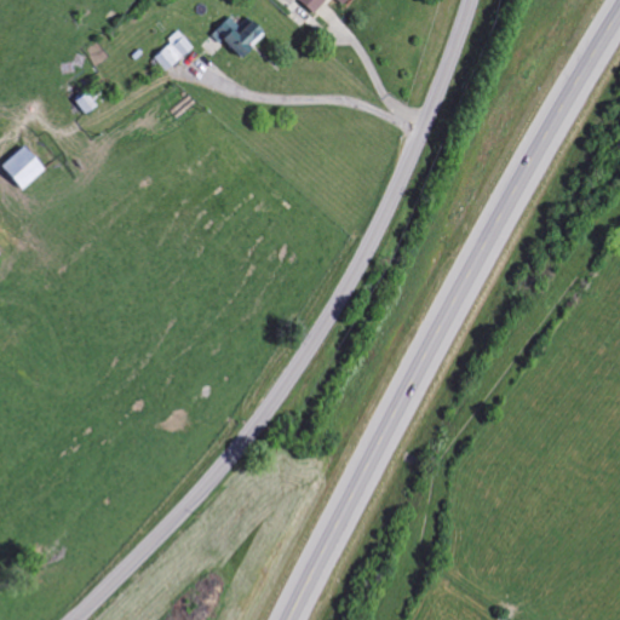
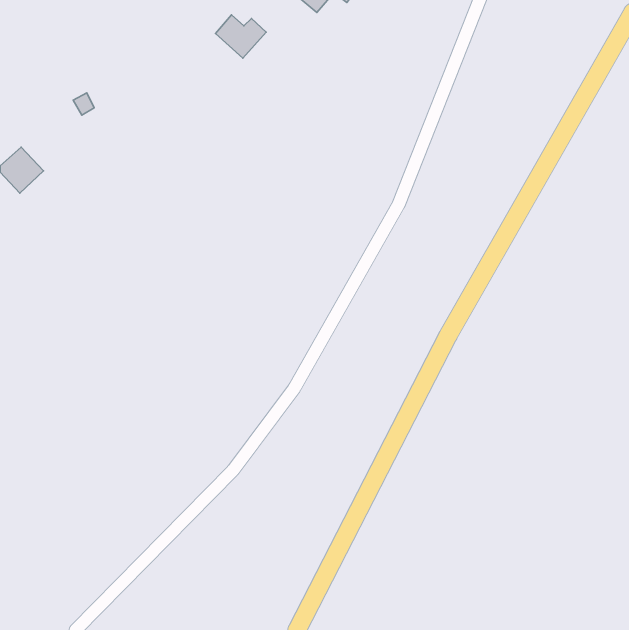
building: [153,30,195,70] -> none

